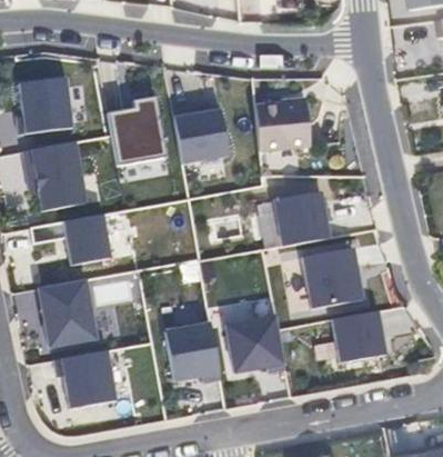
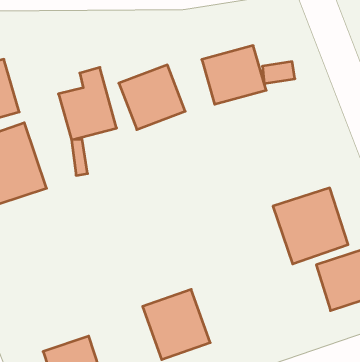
building: [271,186,332,248] -> none
building: [64,212,110,265] -> none
building: [37,280,97,350] -> none
building: [228,315,282,371] -> none

